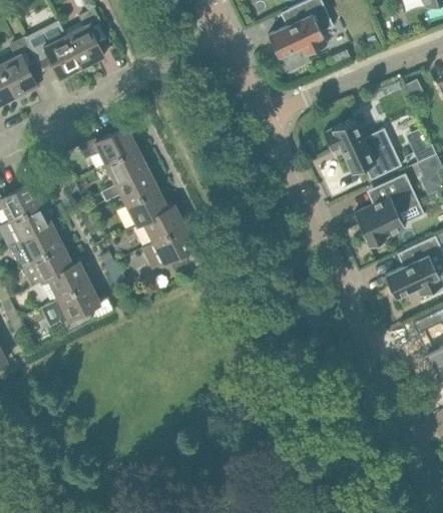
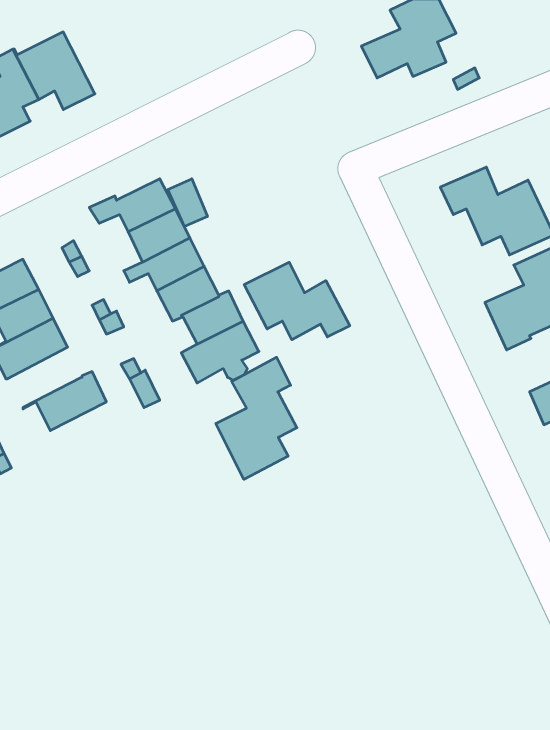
building: [60,9,111,68] -> none
building: none -> [168,179,207,227]
building: none -> [244,262,350,340]
building: [21,244,73,287] -> none
building: none -> [216,357,297,479]
building: [51,283,101,334] -> none

